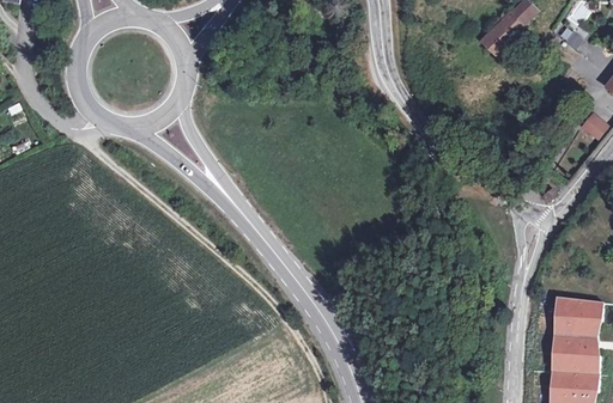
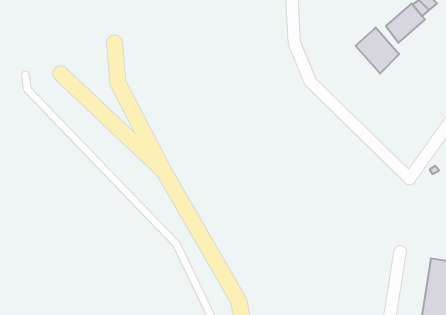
building: none -> [356,27,399,74]

